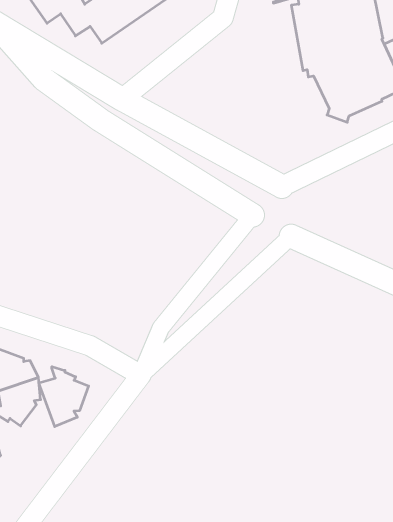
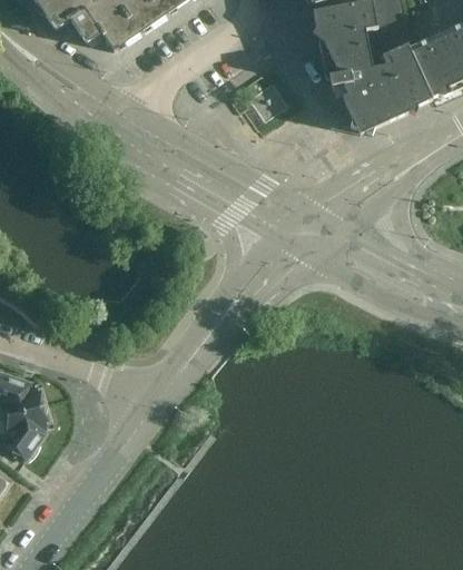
building: [39,367,89,427] -> none

